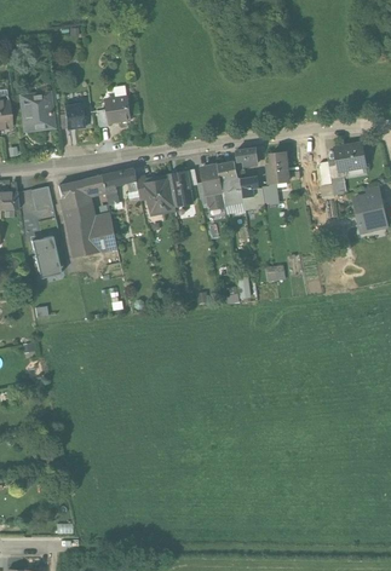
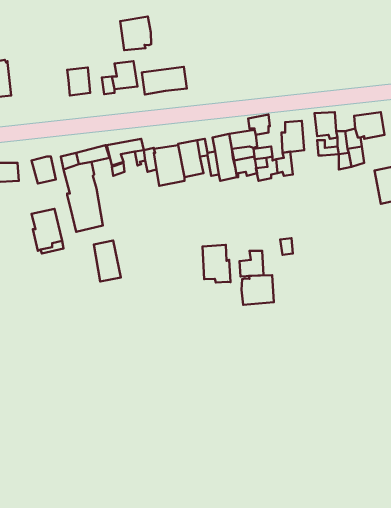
building: none -> [120,17,151,50]
building: [23,93,53,129] -> none
building: none -> [142,67,187,94]
building: [93,213,119,252] -> [94,241,121,281]
building: none -> [203,245,230,283]
building: none -> [241,275,274,305]

